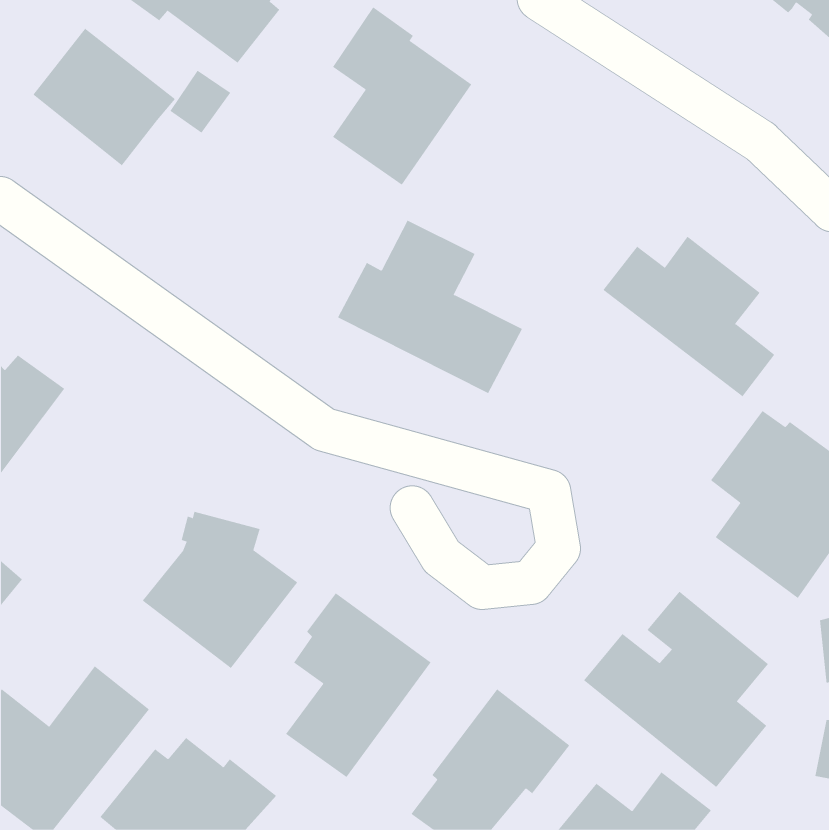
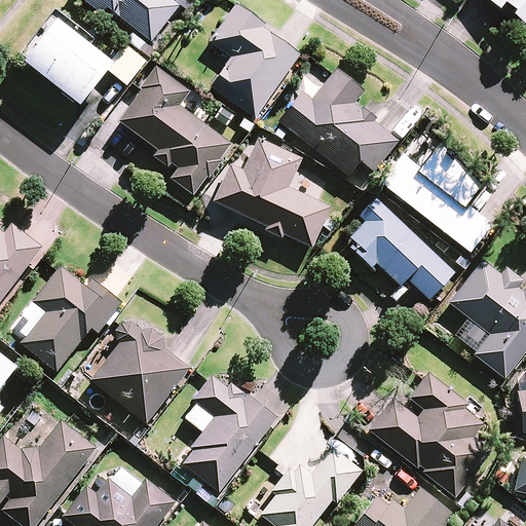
building: none -> [119,69,232,195]
building: none -> [279,71,399,176]
building: none -> [350,197,454,299]
building: none -> [23,267,121,370]

